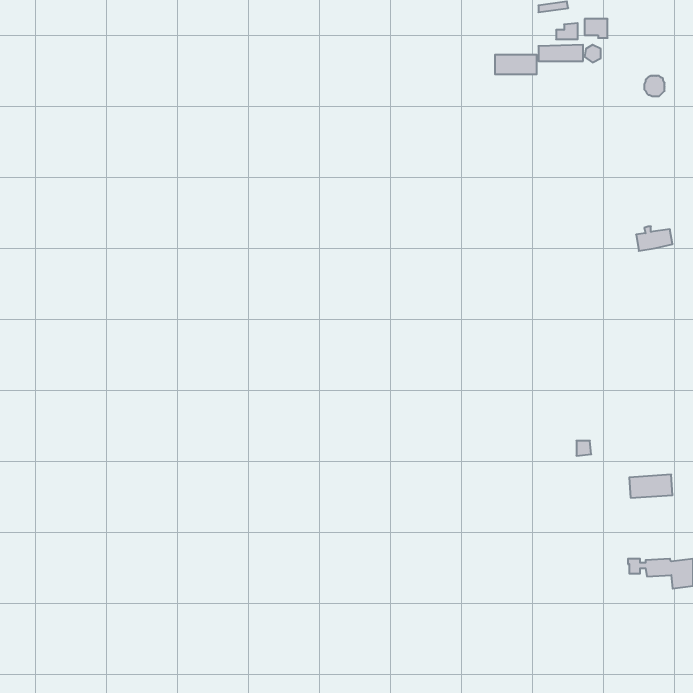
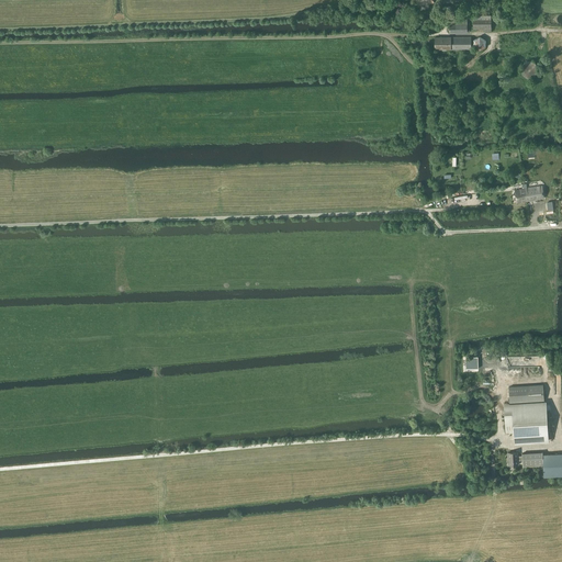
building: [495,55,537,74] -> none
building: none -> [505,405,549,440]

